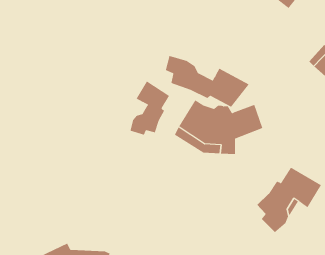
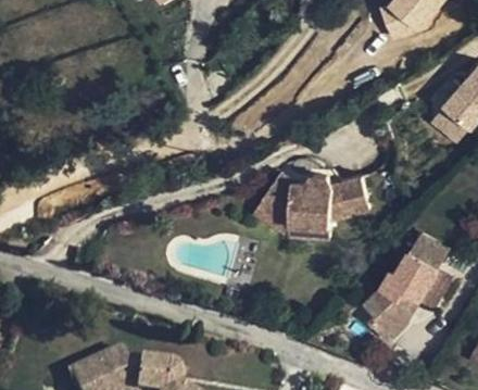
building: [165,55,250,107] -> none
building: [130,81,170,136] -> none

